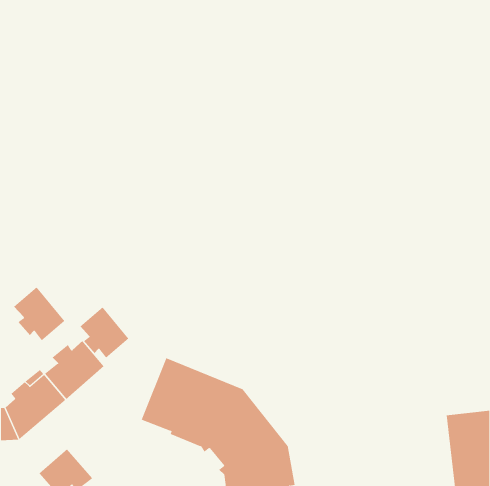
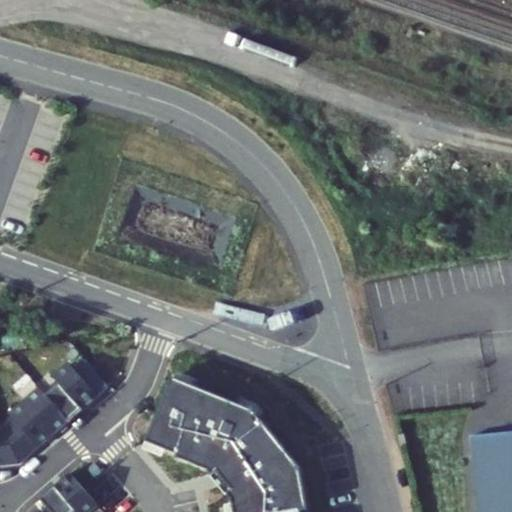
building: [13,287,65,341] -> none
building: [79,307,129,358] -> none

